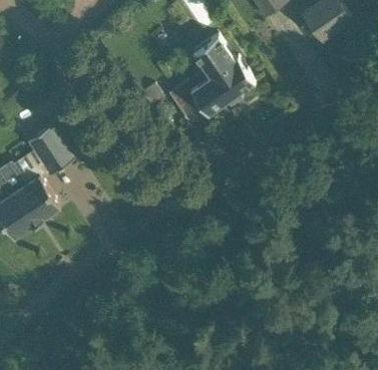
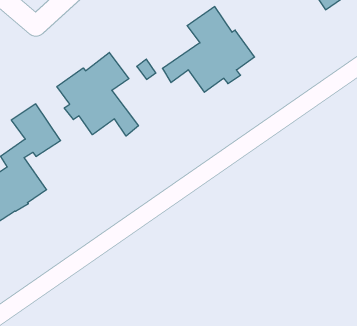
building: none -> [57,52,138,136]

